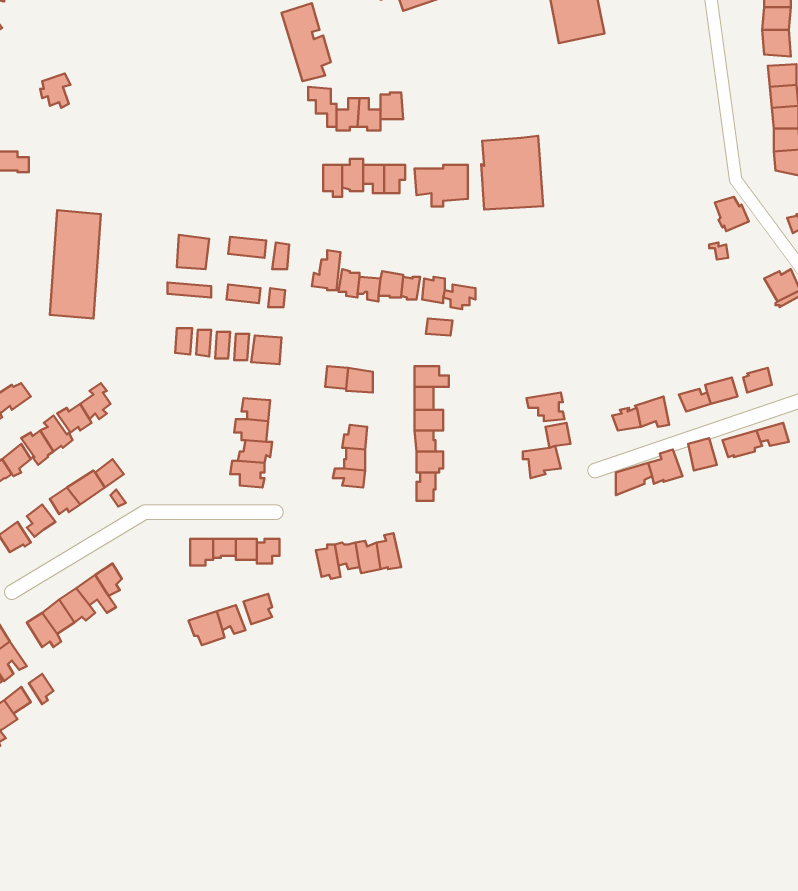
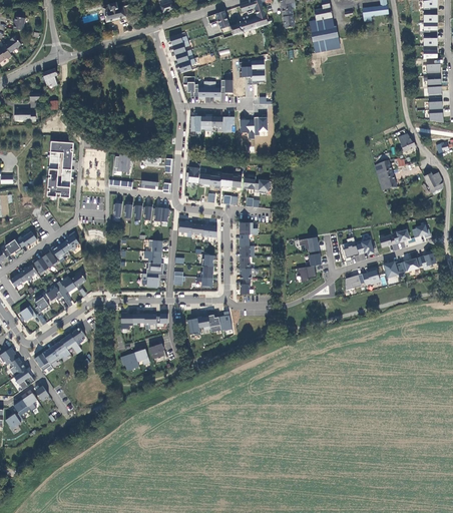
building: none -> [241,61,264,82]
building: [481,136,543,210] -> none
building: none -> [374,160,396,190]

